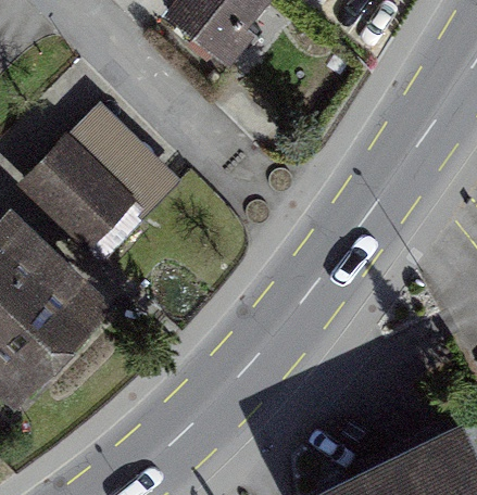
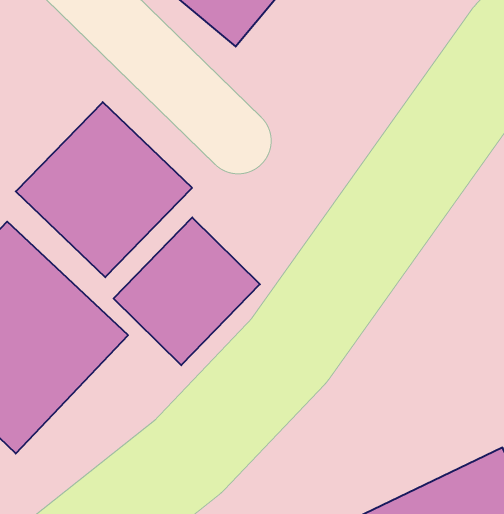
building: none -> [114,217,260,365]

